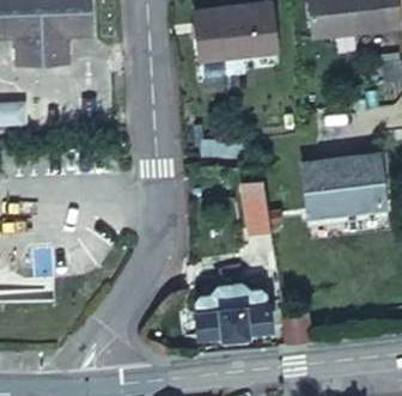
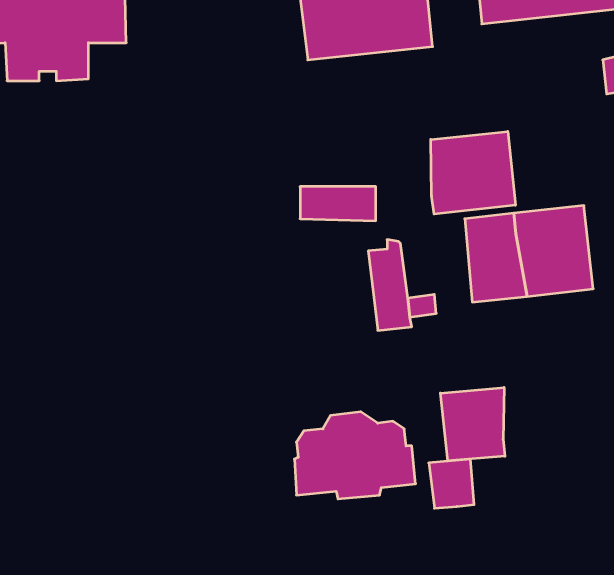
building: none -> [431,131,515,214]
building: none -> [440,387,505,461]

